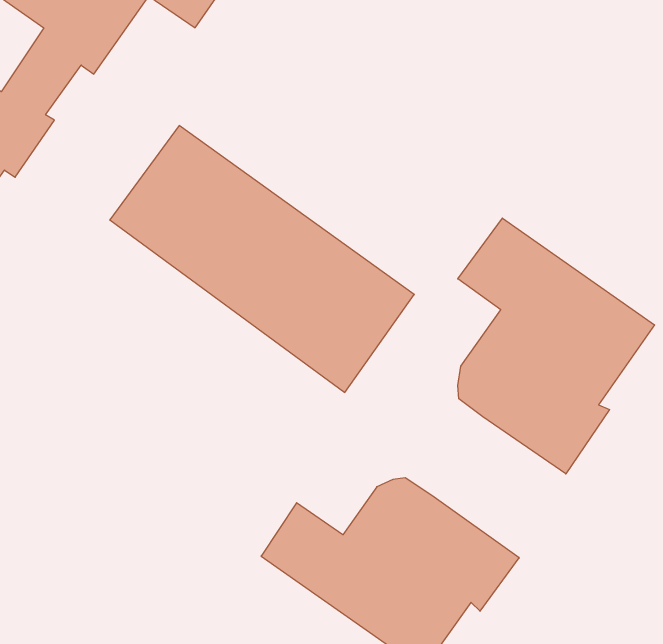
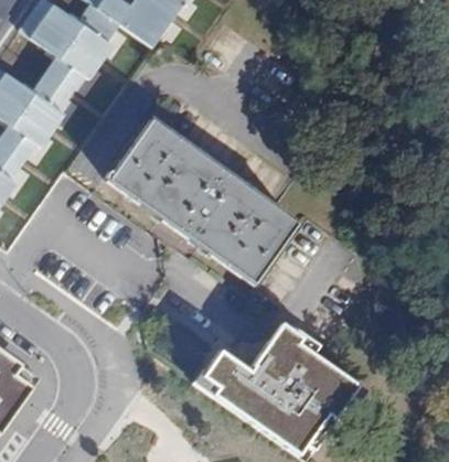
building: [458,218,655,474] -> none

